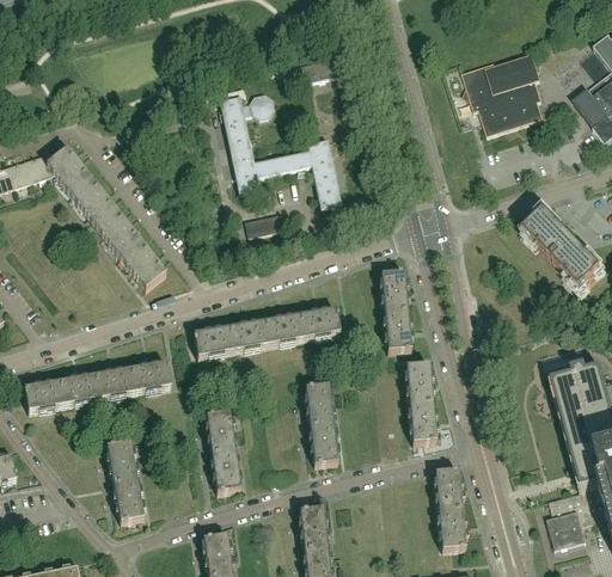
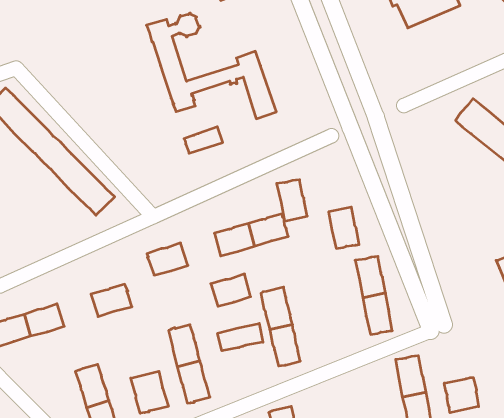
building: [380,270,408,311] -> [277,180,307,221]
building: [228,319,268,349] -> [211,274,251,306]
building: [94,367,135,397] -> none
building: none -> [218,323,263,351]
building: none -> [131,371,168,413]
building: none -> [444,378,479,413]

